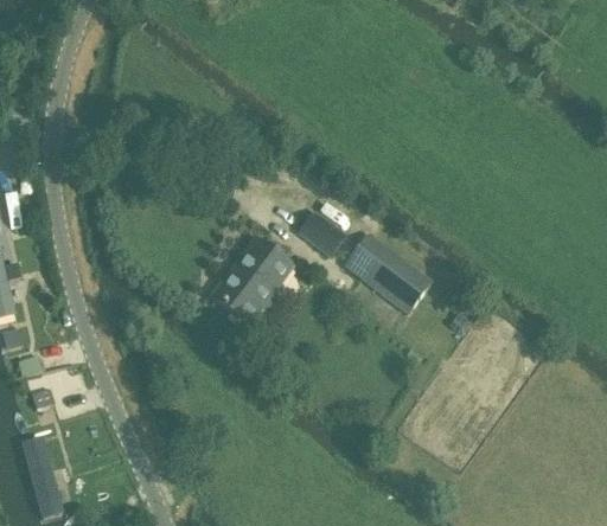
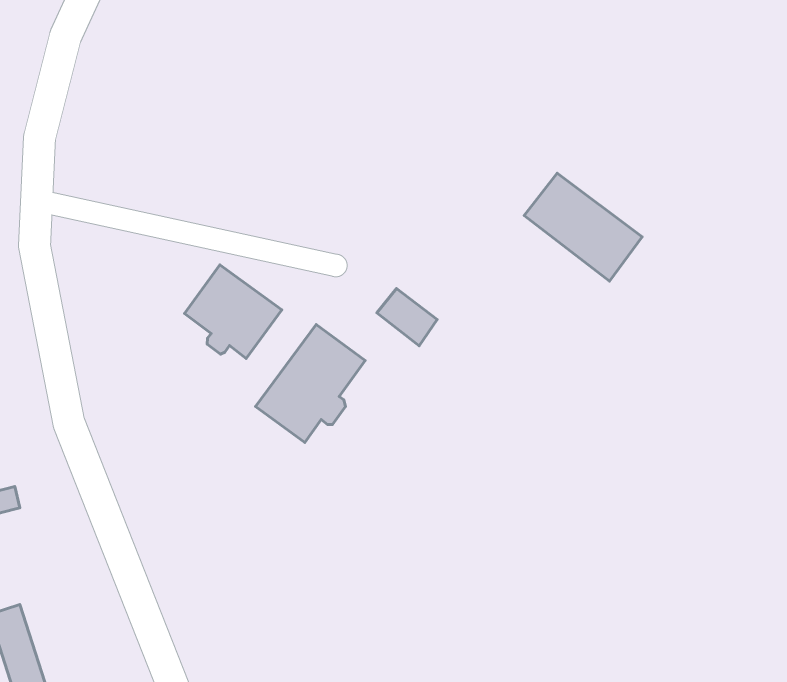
building: none -> [184,265,282,358]
building: [346,233,432,312] -> [524,173,642,281]

